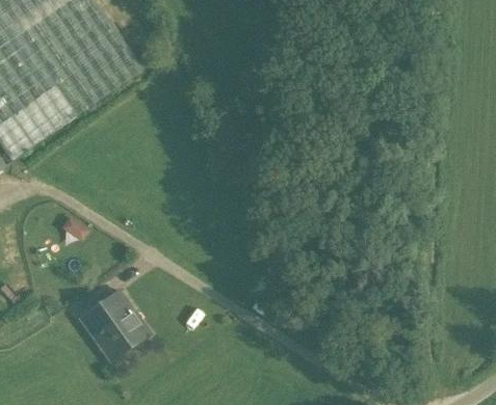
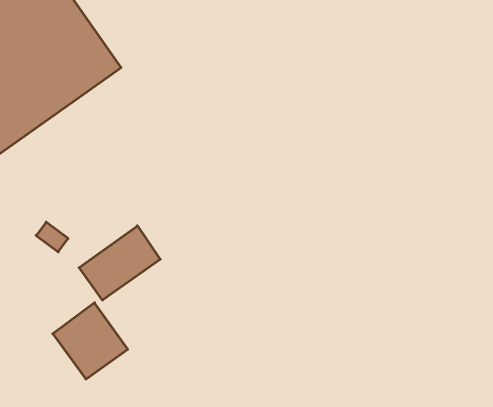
building: none -> [79,226,160,300]

